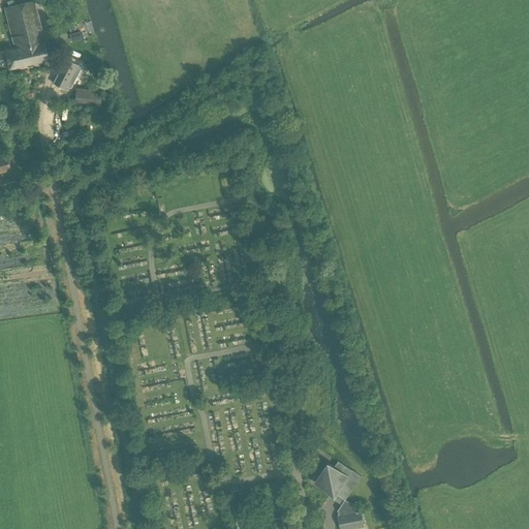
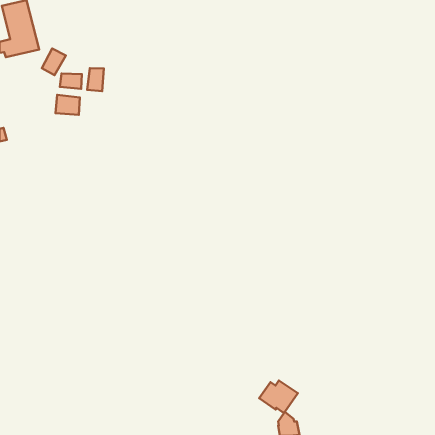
building: none -> [87,68,104,91]
building: none -> [55,95,80,115]

